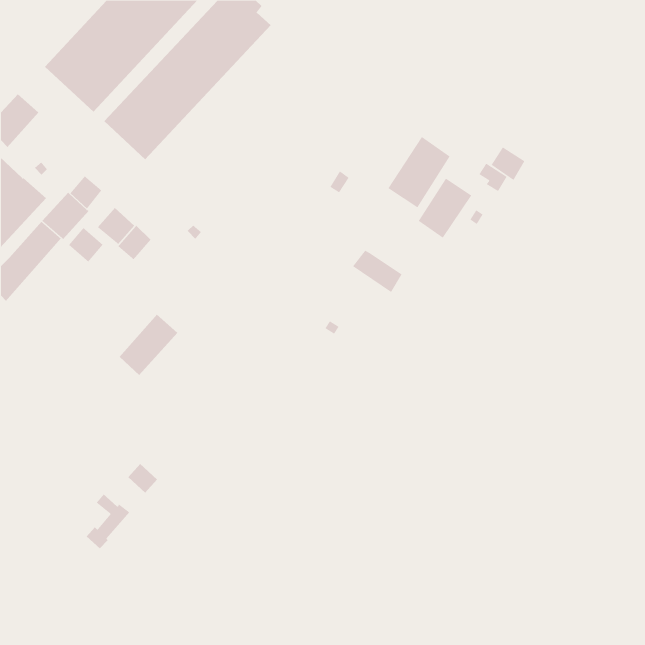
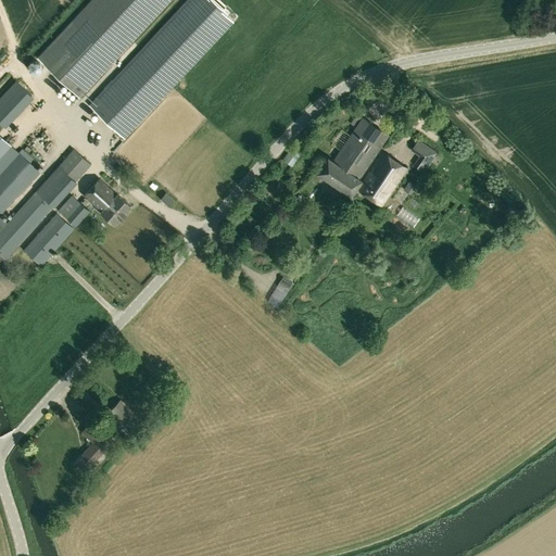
building: [491,146,525,181] -> none
building: [352,250,403,293] -> [317,159,361,195]
building: [119,314,178,376] -> [24,213,75,266]

